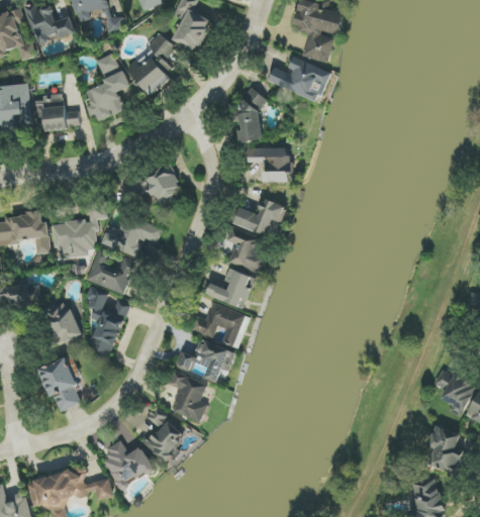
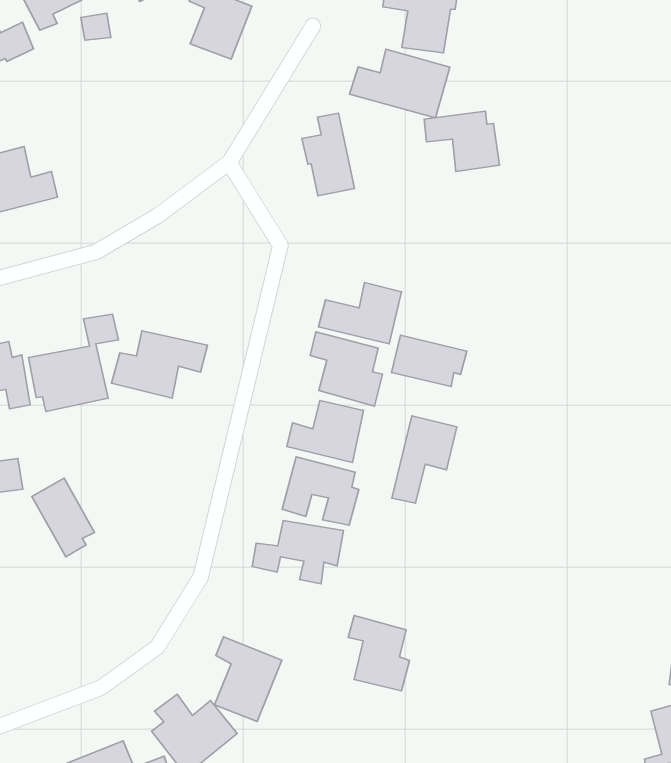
building: [126,31,174,94] -> none
building: [85,51,127,121] -> none
building: [247,146,290,182] -> [424,111,500,172]
building: [143,165,184,206] -> none
building: none -> [392,335,467,386]
building: [85,246,135,294] -> none
building: none -> [392,416,457,503]
building: [85,286,129,357] -> none
building: [40,357,81,411] -> none
building: [170,372,206,421] -> [348,616,410,691]

